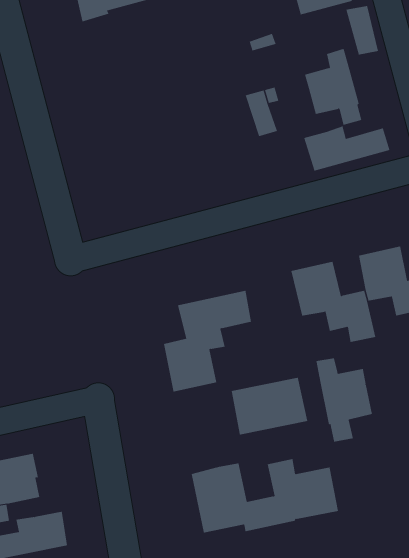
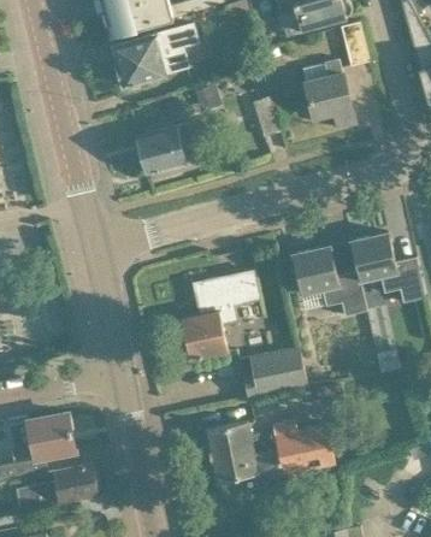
building: none -> [112,24,197,85]
building: none -> [137,123,197,173]
building: [304,126,390,171] -> none
building: [316,358,372,443] -> none

